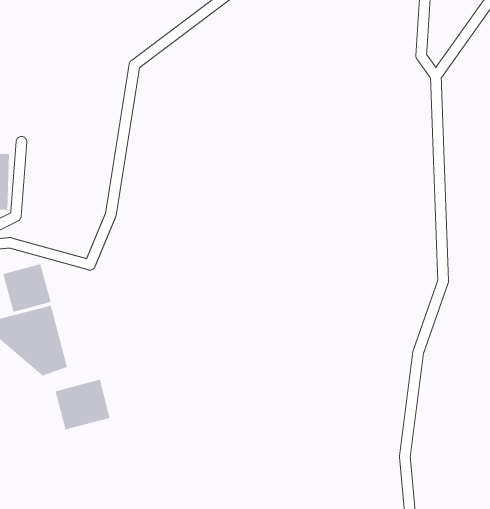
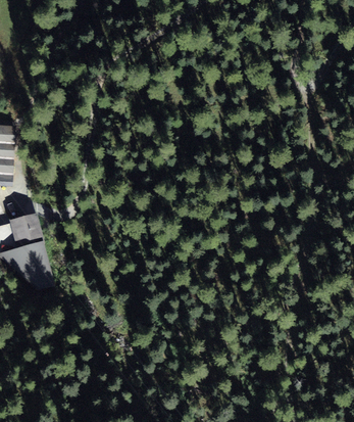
building: [55,379,110,430] -> none

